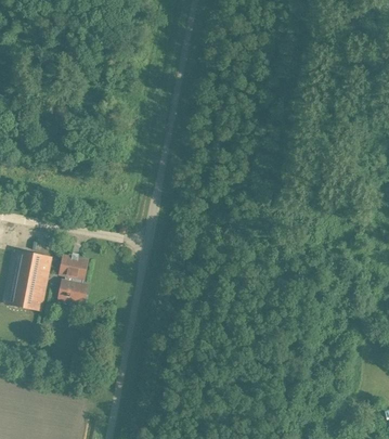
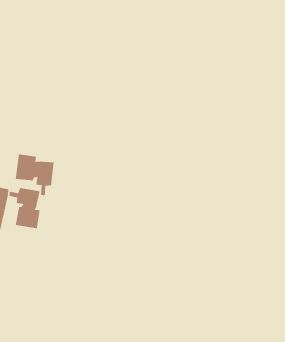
building: none -> [15,153,55,196]

